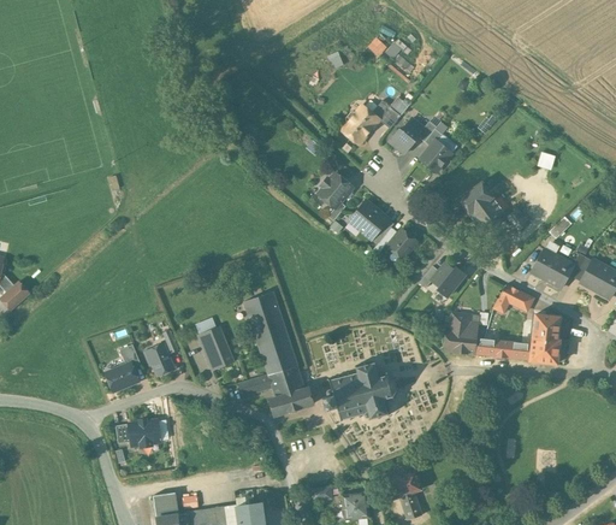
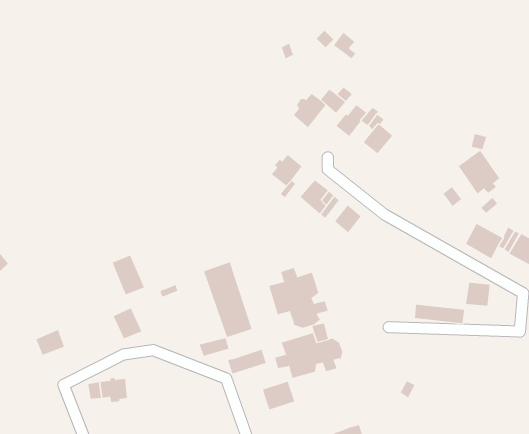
building: [457,181,504,230] -> [458,150,500,195]
building: [426,256,467,299] -> none
building: [493,285,533,313] -> none
building: none -> [269,267,329,328]
building: [444,313,480,354] -> none
building: [197,326,233,371] -> [112,255,145,295]
building: [529,338,559,365] -> none
building: [106,362,138,391] -> [35,329,65,356]
building: [268,366,304,399] -> [262,381,295,410]

